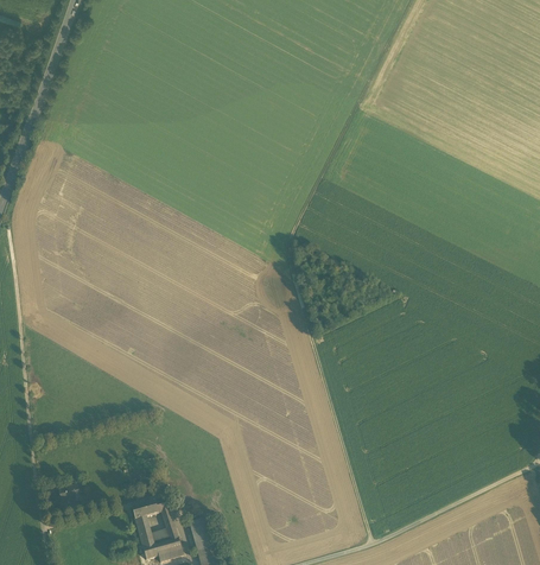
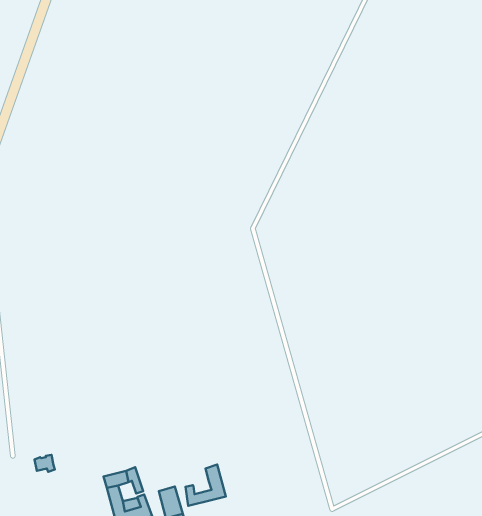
building: none -> [186,465,226,506]

